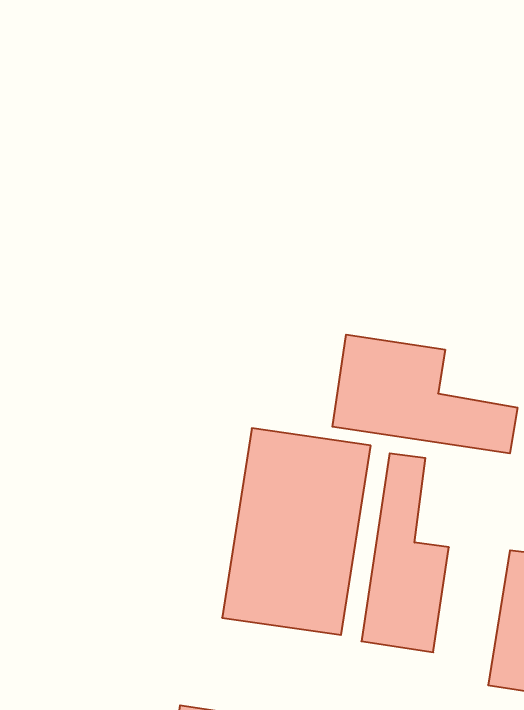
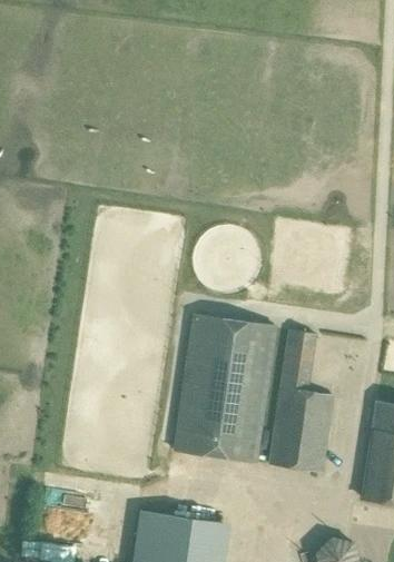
building: [332,335,517,453] -> none

